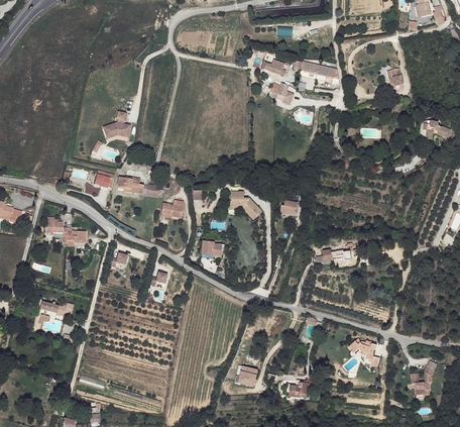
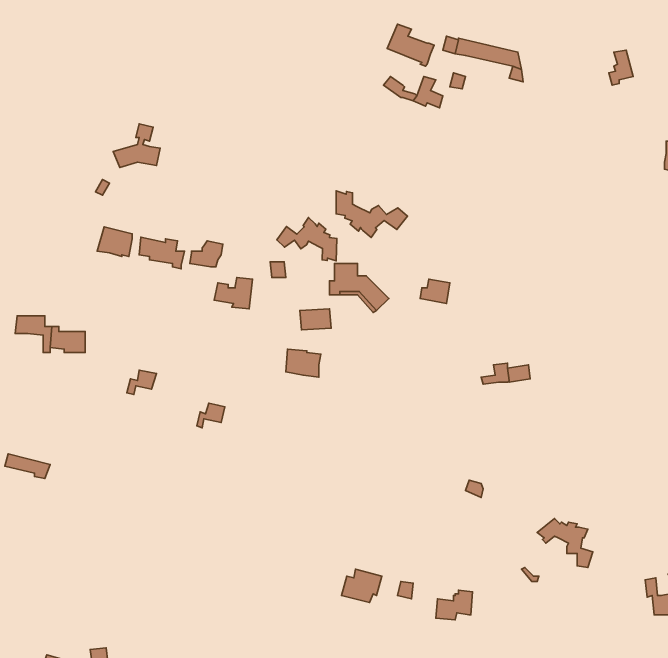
building: none -> [336,191,408,237]
building: none -> [277,218,337,261]

